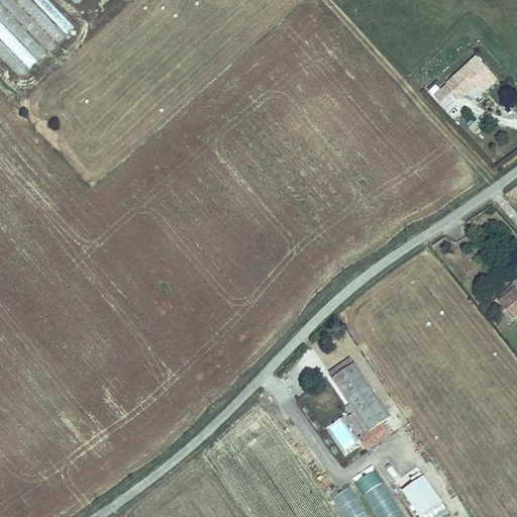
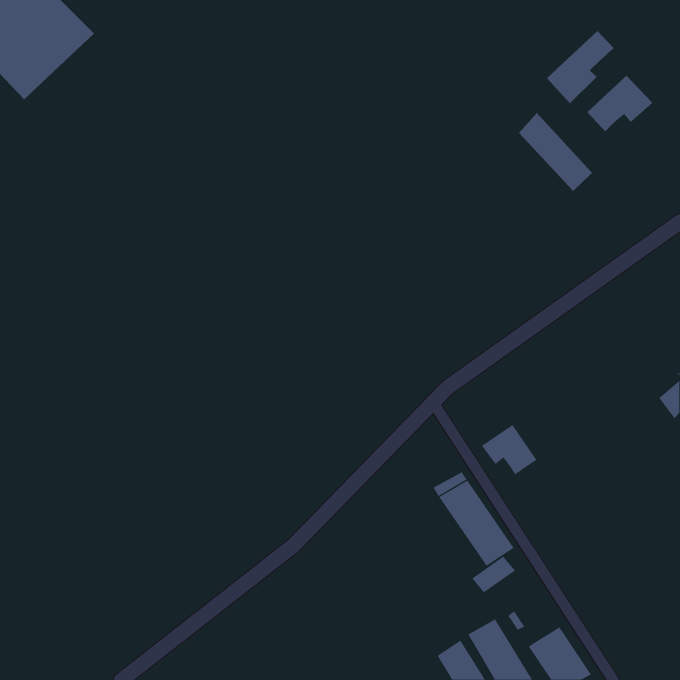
building: none -> [546,30,615,104]
building: none -> [518,112,593,192]
building: none -> [481,424,537,475]

